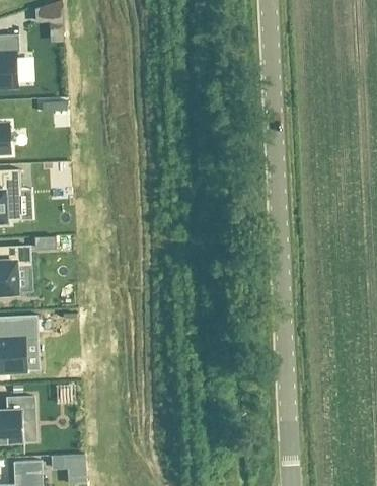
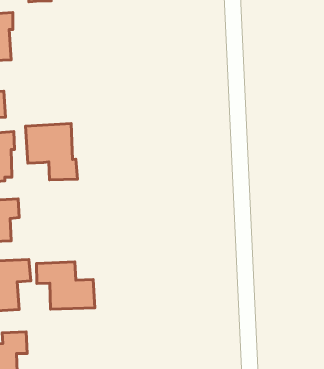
building: none -> [25,124,77,180]
building: none -> [37,262,95,309]

